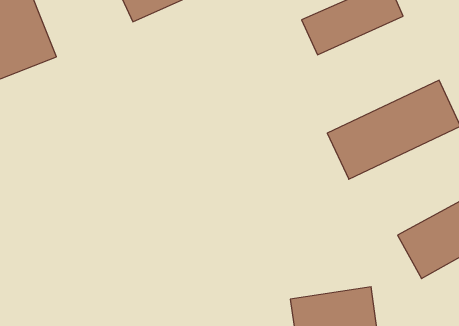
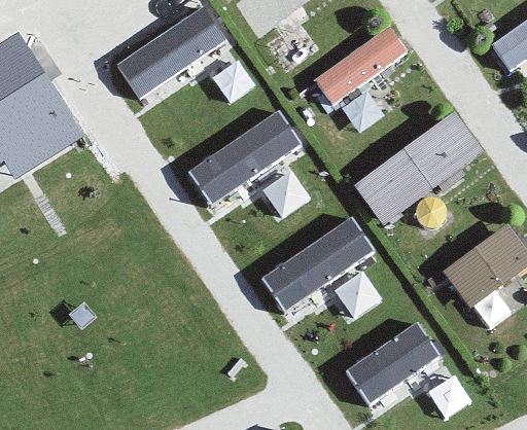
building: none -> [187,110,305,205]
building: none -> [260,214,378,314]

